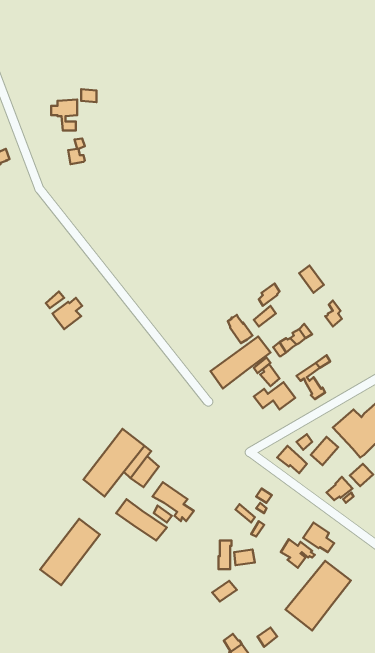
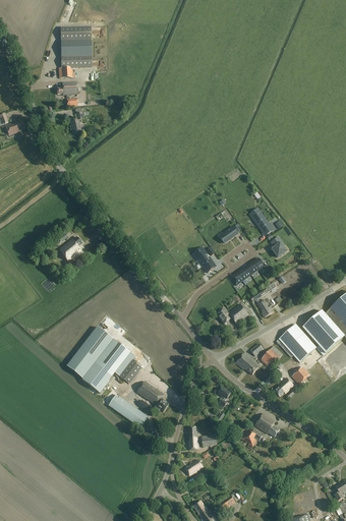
building: none -> [57,26,92,77]
building: [210,336,271,388] -> none
building: [40,519,100,585] -> [66,327,113,379]
building: [286,561,351,631] -> none

